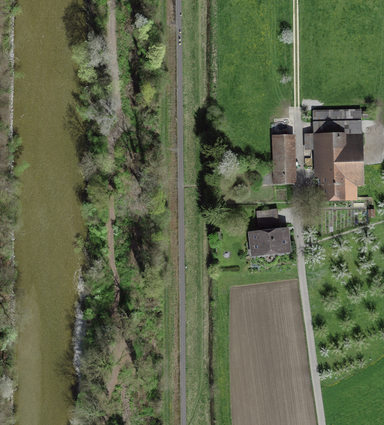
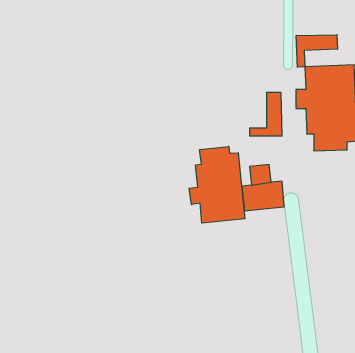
building: none -> [296,35,337,67]
building: none -> [189,146,245,223]

